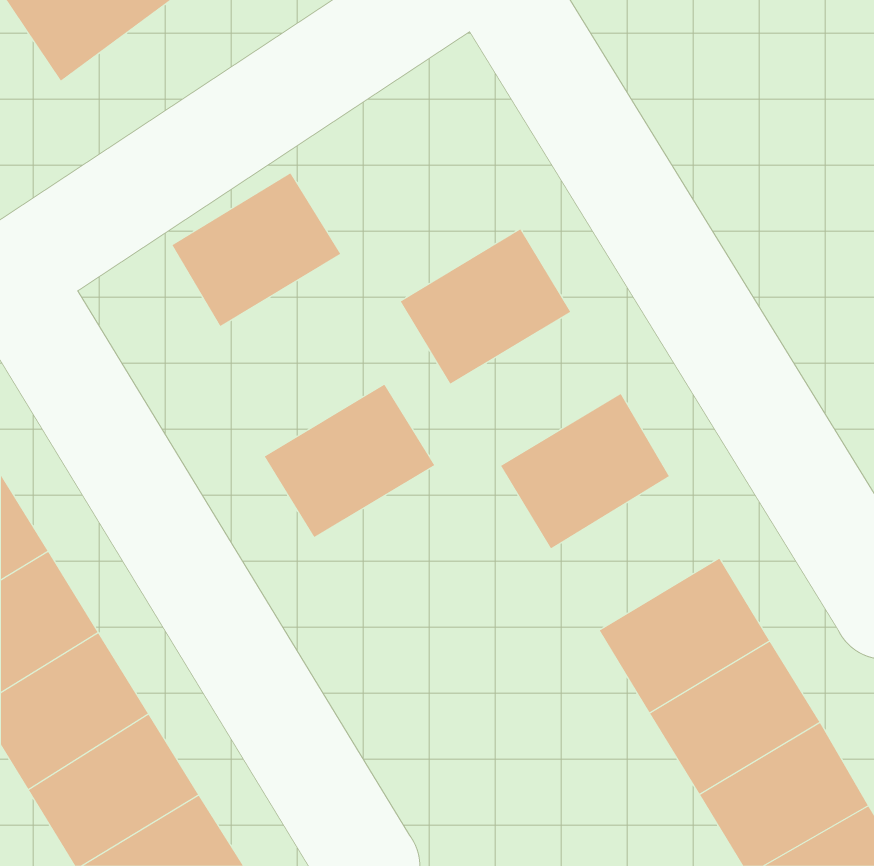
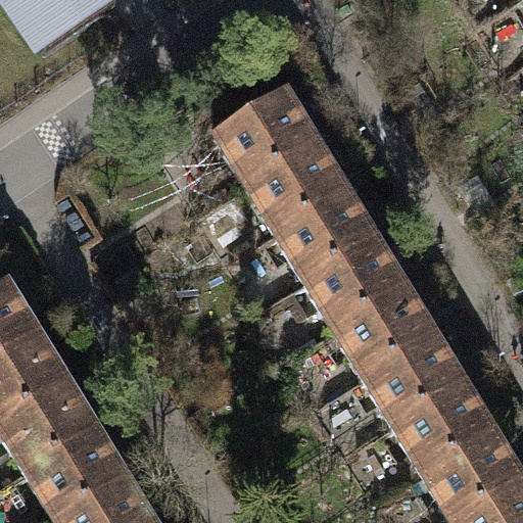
building: [171,173,341,327] -> [213,87,314,178]
building: [264,384,435,538] -> [272,184,373,275]
building: none -> [331,281,431,372]

